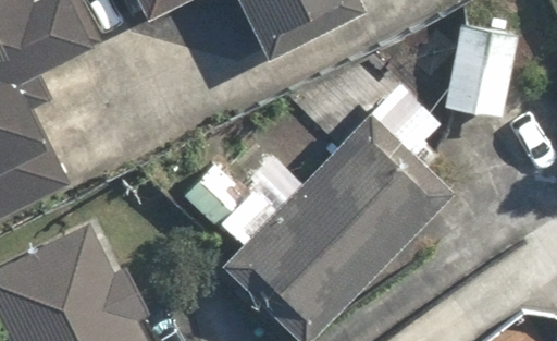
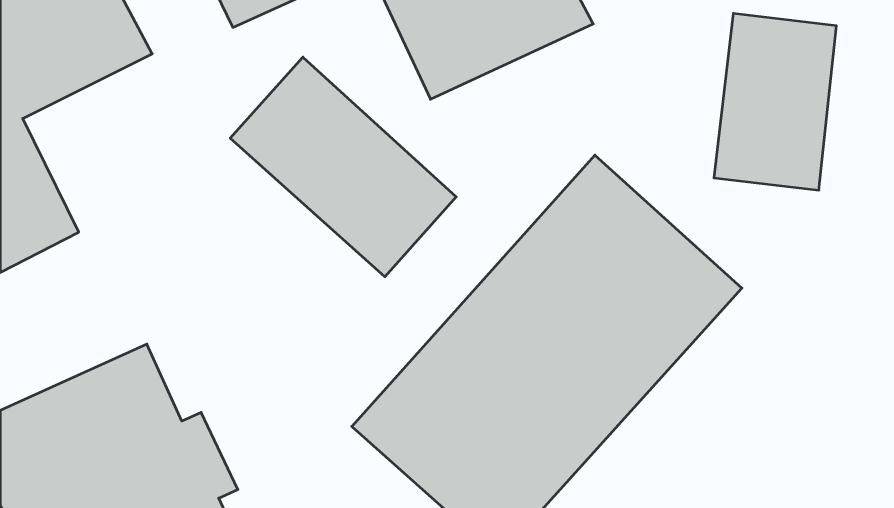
building: none -> [230,57,456,277]

